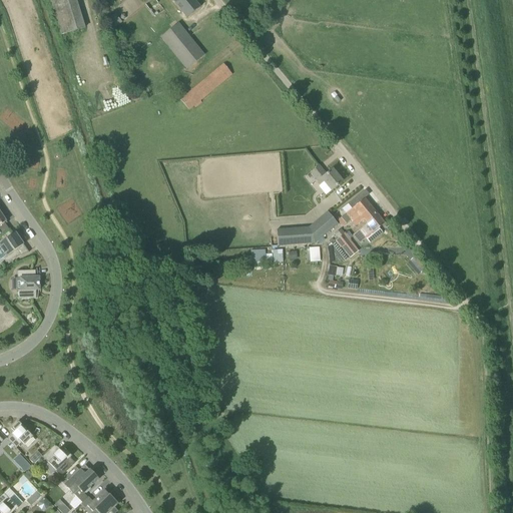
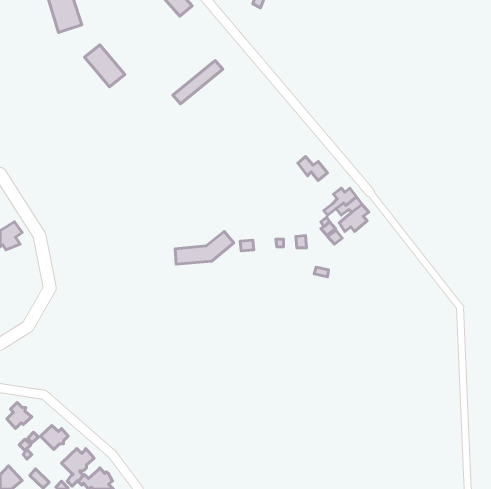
building: [161,23,203,67] -> [84,45,125,87]
building: [277,210,338,244] -> [175,231,234,264]
building: [17,269,40,298] -> none

